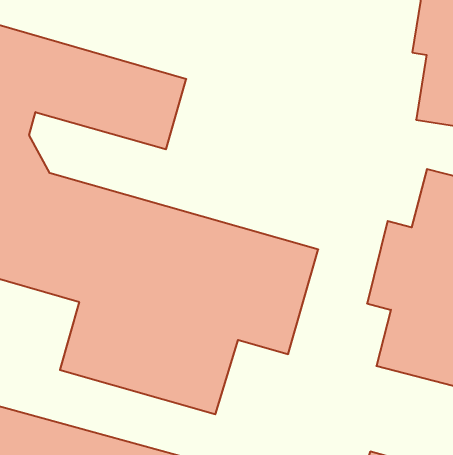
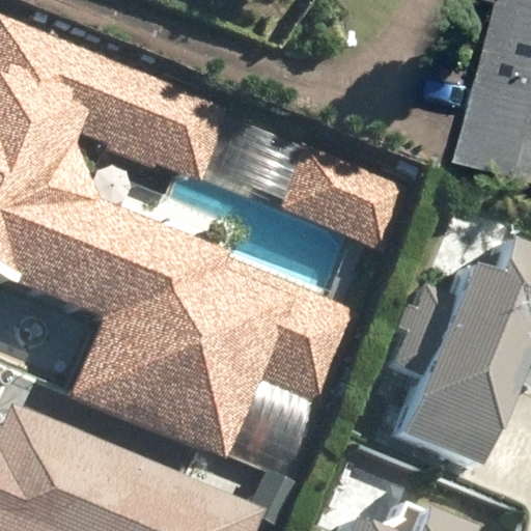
building: none -> [278,152,402,257]

